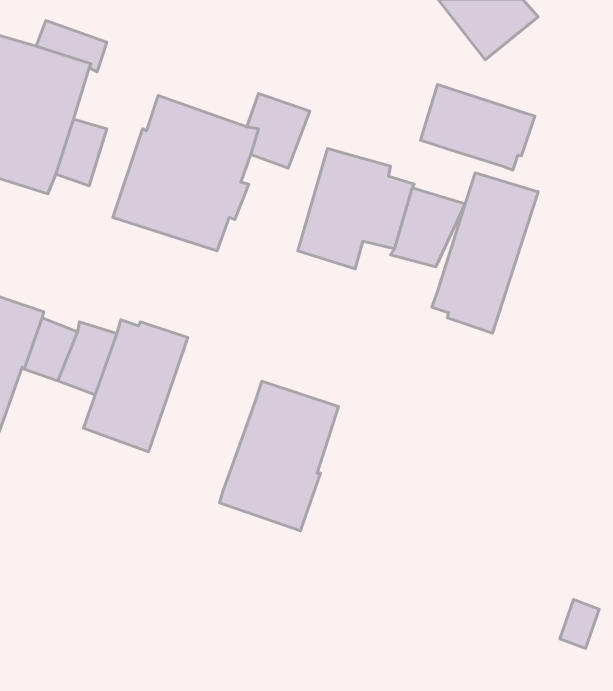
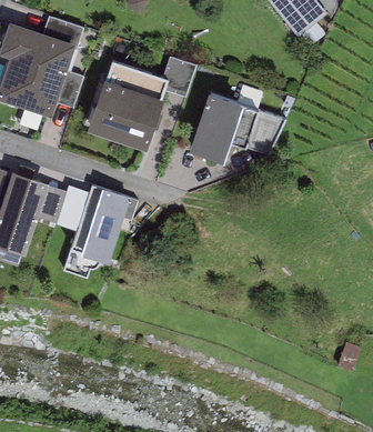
building: [420,85,535,170] -> none
building: [432,173,538,333] -> none
building: [220,381,339,531] -> none

